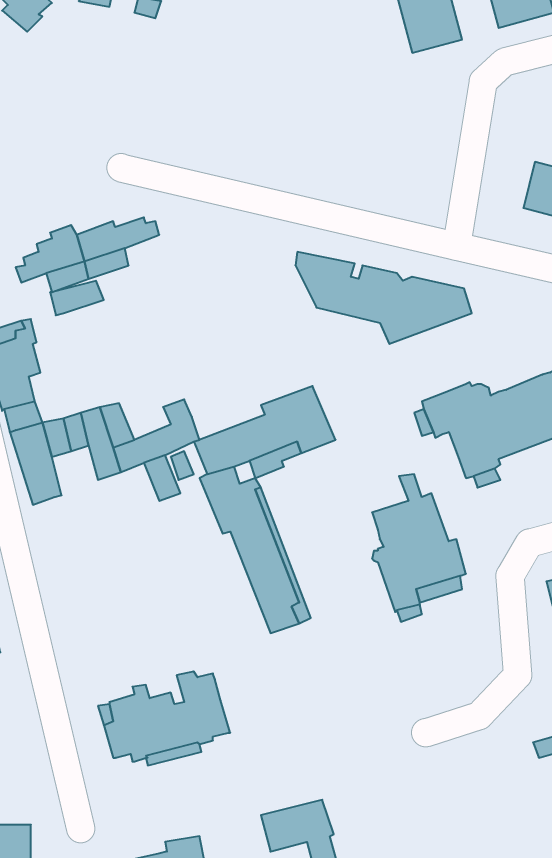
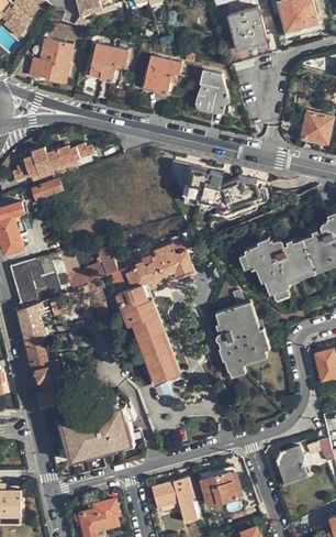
building: none -> [30,40,72,84]
building: none -> [89,44,127,83]
building: none -> [144,56,180,94]
building: none -> [199,69,226,112]
building: none -> [16,304,60,405]
building: none -> [276,446,306,483]
building: none -> [197,467,240,505]

